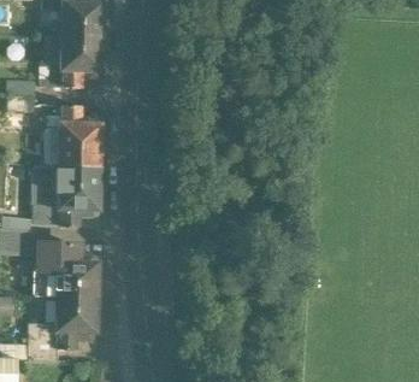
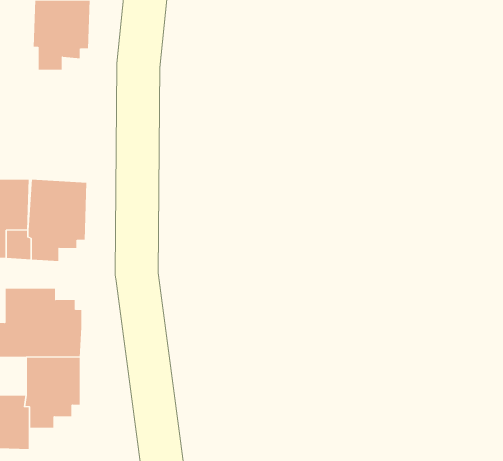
building: [60,105,101,168] -> none

